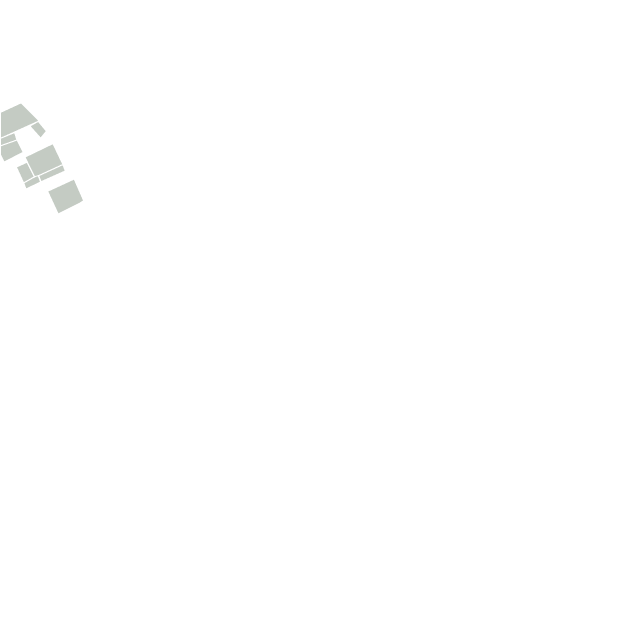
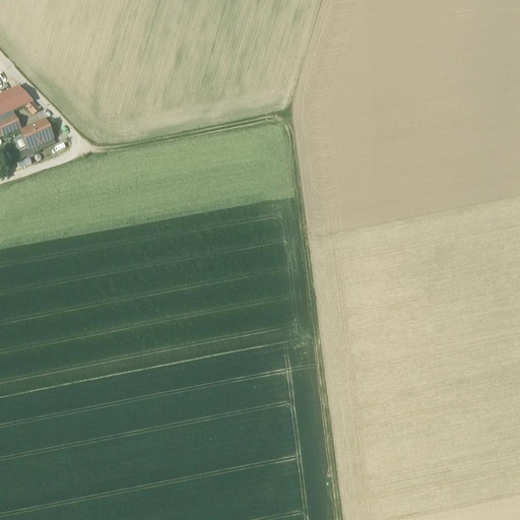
building: [47,179,84,214] -> none

